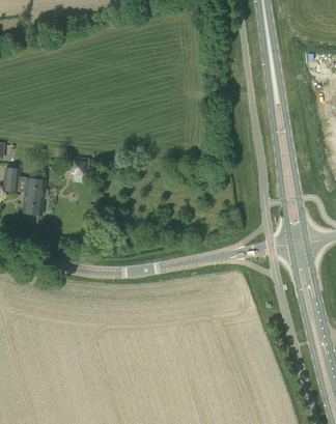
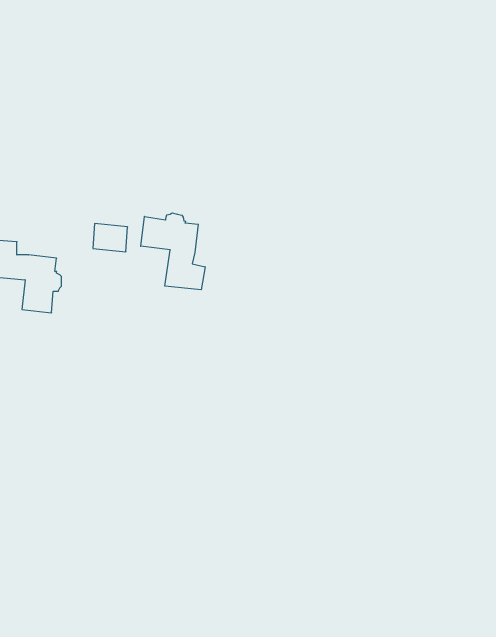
building: none -> [141,213,205,290]

